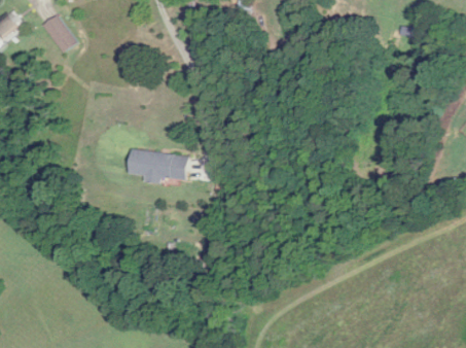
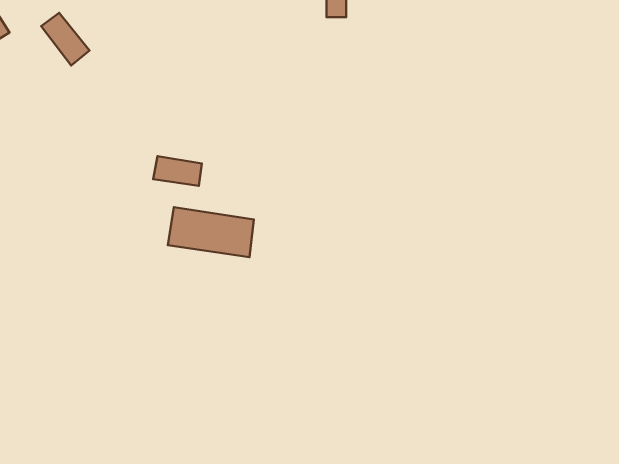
building: none -> [153,156,202,186]

